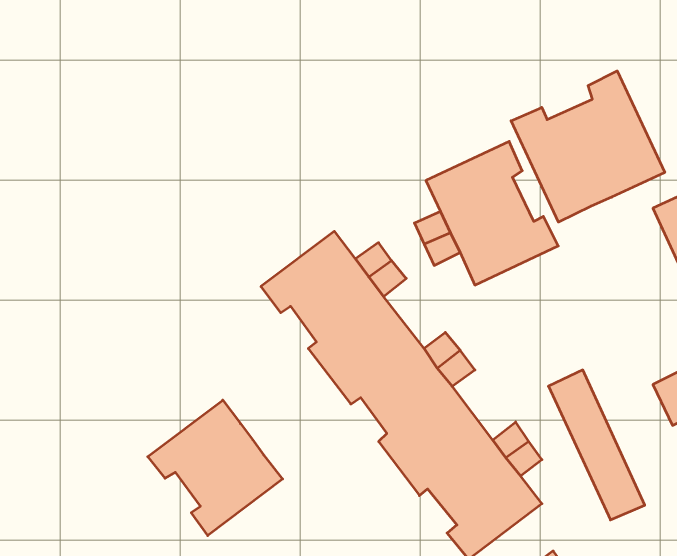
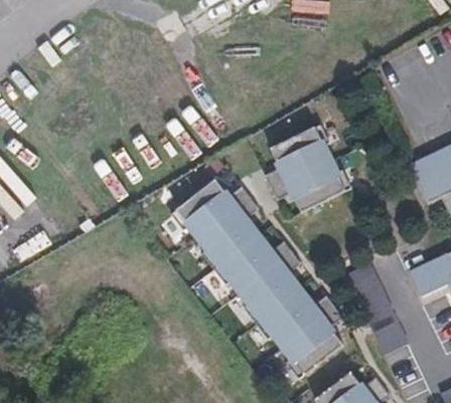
building: [511,71,665,222] -> none
building: [148,400,283,536] -> none

